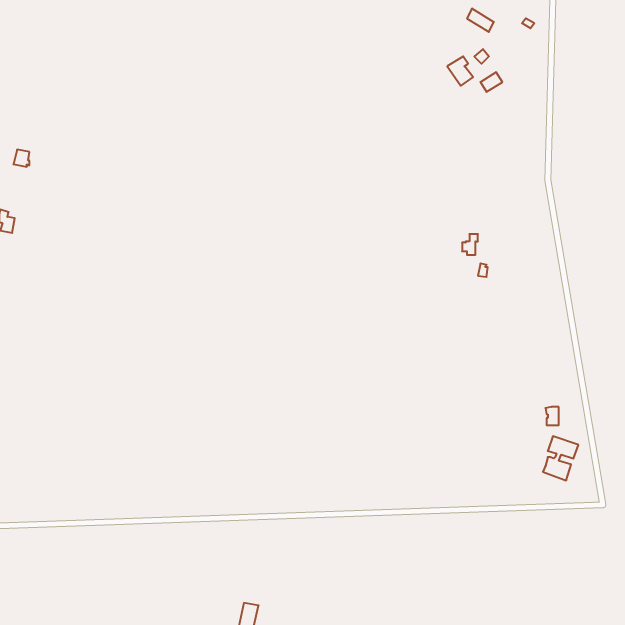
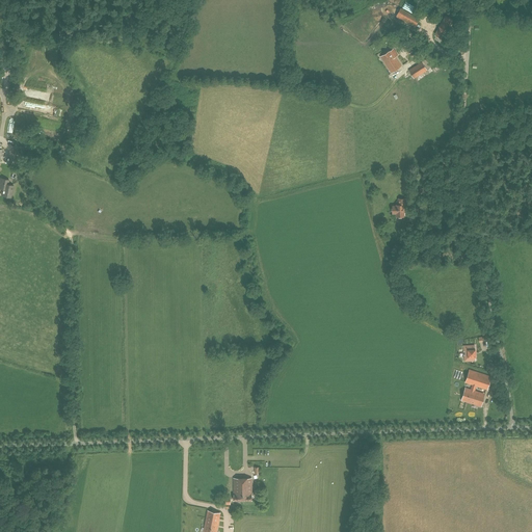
building: none -> [233,479,251,502]

